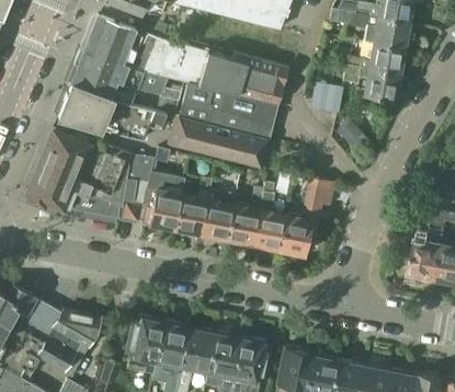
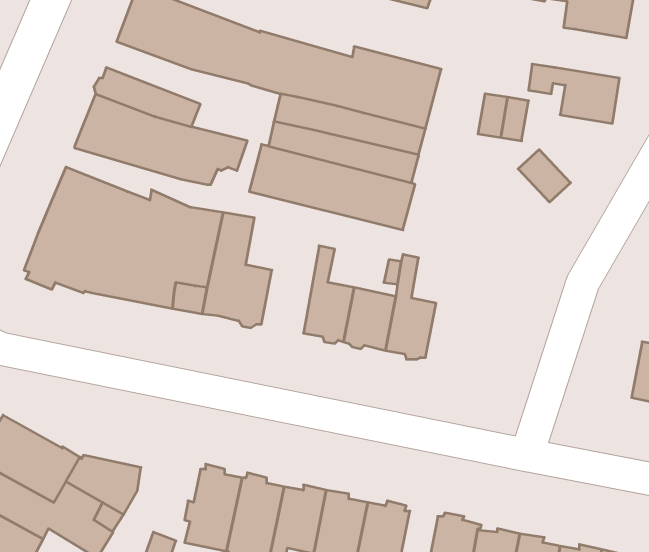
building: [345,42,405,72] -> none
building: [78,49,182,99] -> none
building: [175,175,212,232] -> none
building: [278,177,333,254] -> none

